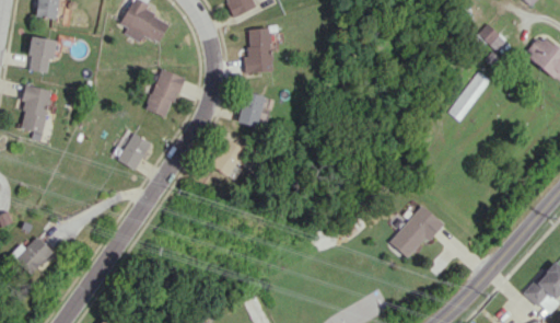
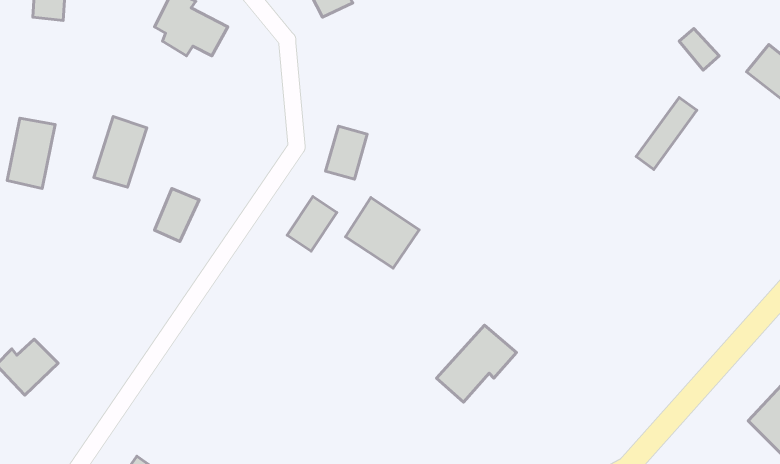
building: [244,28,272,72] -> none
building: [28,37,54,72] -> none
building: [147,69,183,117] -> [94,117,147,187]
building: none -> [345,197,419,268]
building: [389,205,444,257] -> [436,325,516,402]

